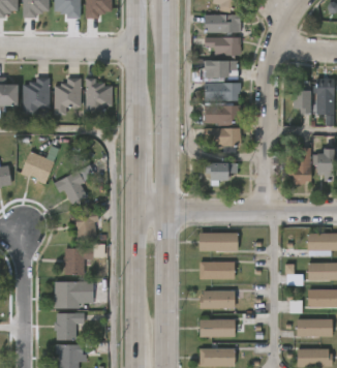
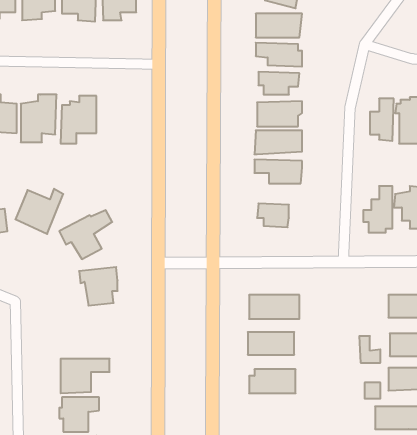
building: [86,78,113,112] -> none
building: [60,249,90,276] -> none
building: [200,319,236,337] -> none

